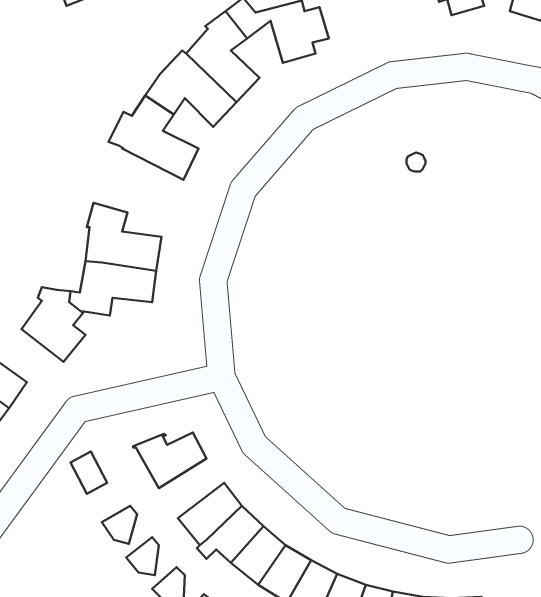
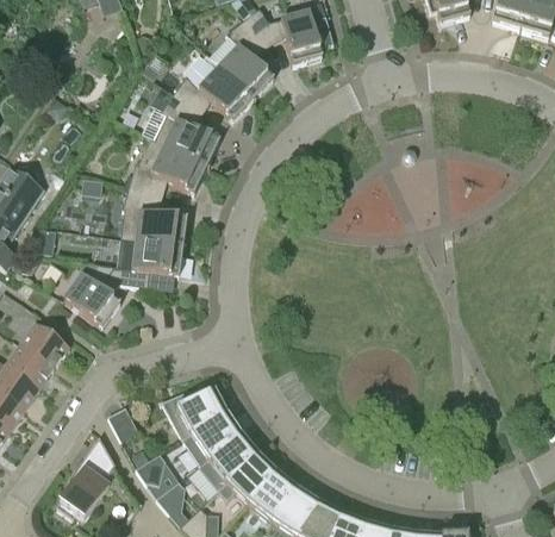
building: none -> [127,137,206,195]
building: none -> [185,411,242,463]
building: none -> [56,436,114,518]

